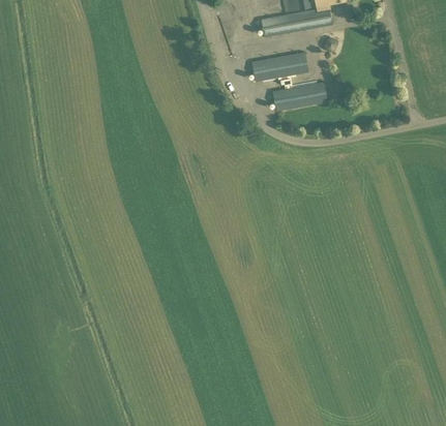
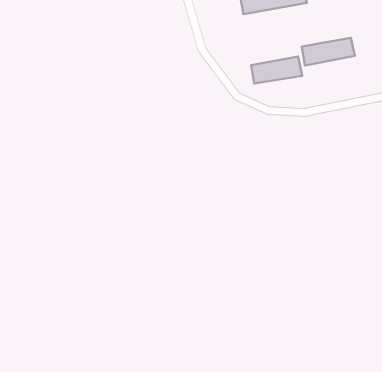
building: [252,52,309,82] -> [302,38,355,66]

